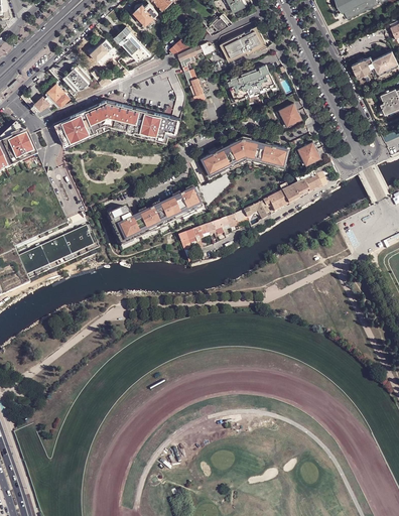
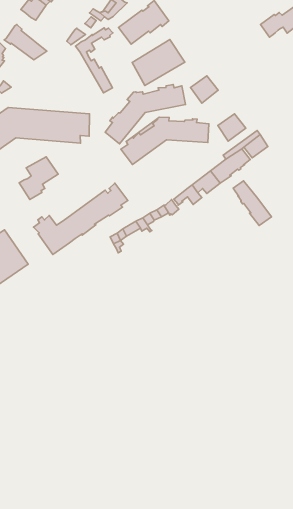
building: none -> [105,85,185,144]
building: none -> [19,157,58,199]
building: none -> [233,181,271,225]

